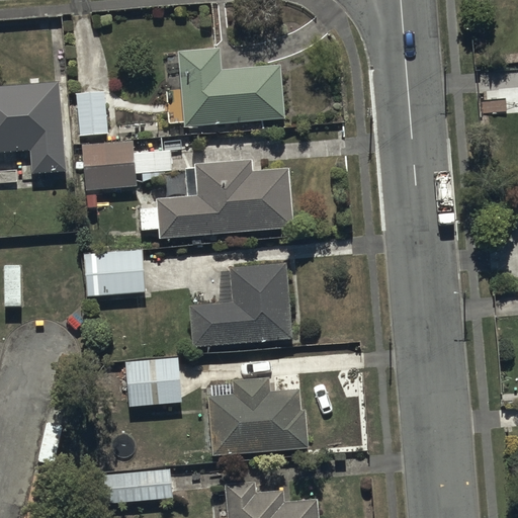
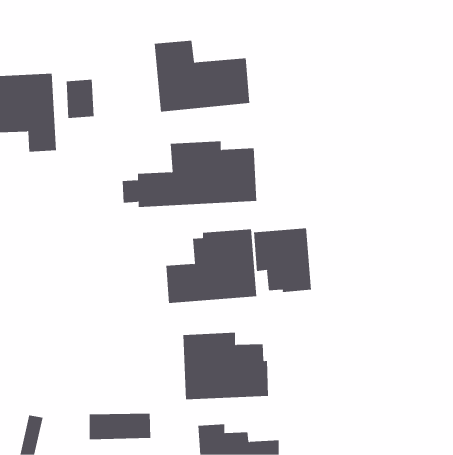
building: [81,141,171,191] -> none
building: [83,249,145,295] -> none
building: none -> [254,227,312,293]
building: [123,357,182,406] -> none

